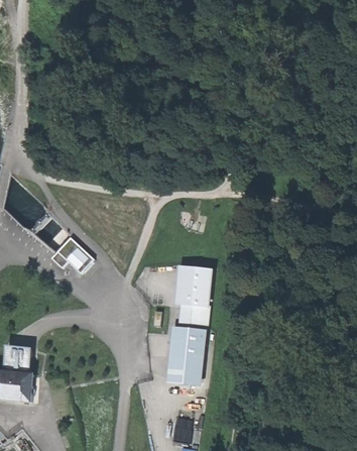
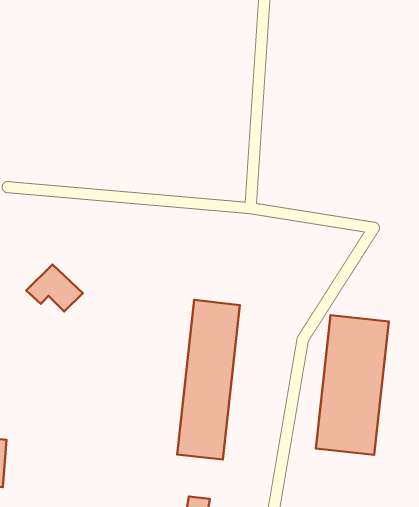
building: none -> [316,315,389,455]

